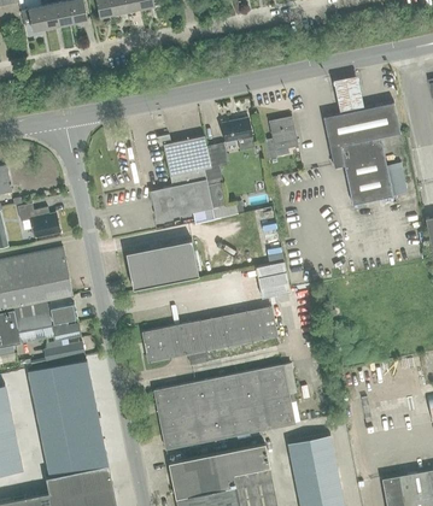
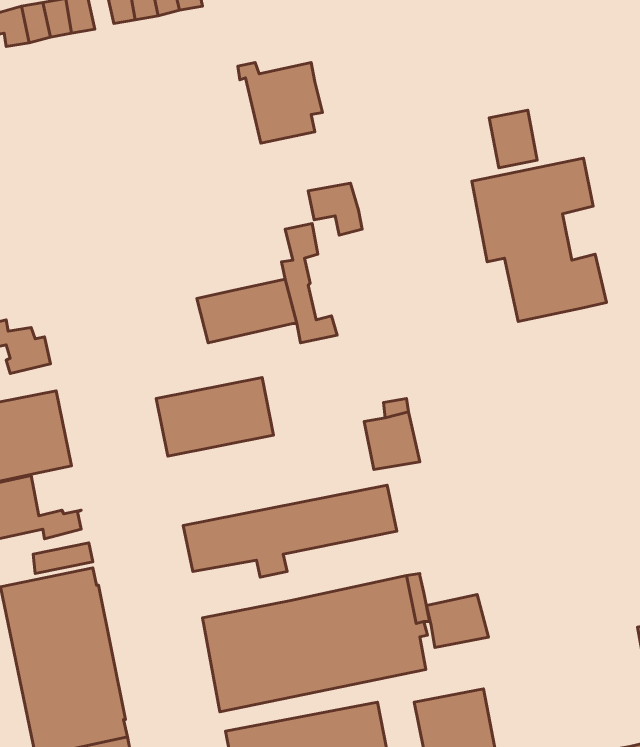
building: [263,117,298,159] -> none
building: [158,135,211,186] -> [238,62,323,143]
building: [49,295,77,324] -> none
building: none -> [426,594,488,647]

